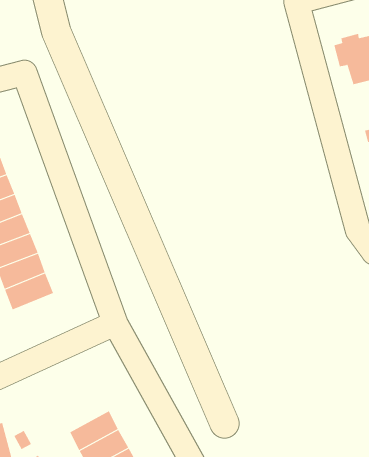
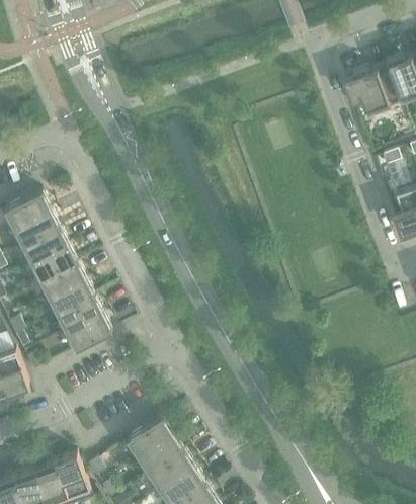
building: none -> [126,417,172,457]

